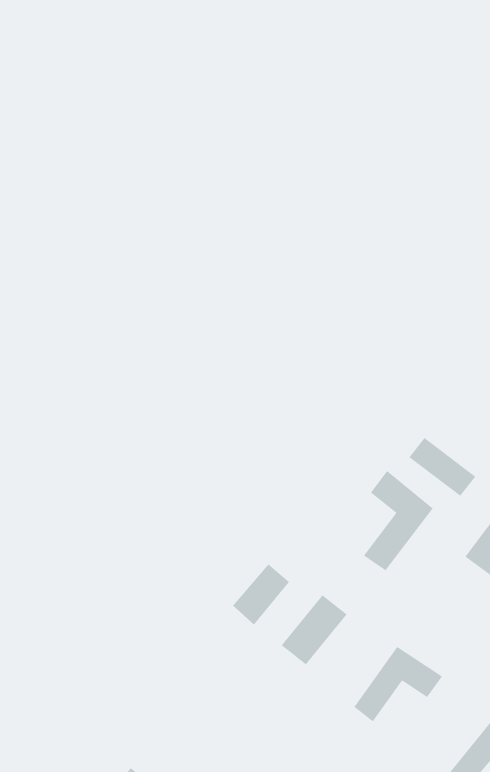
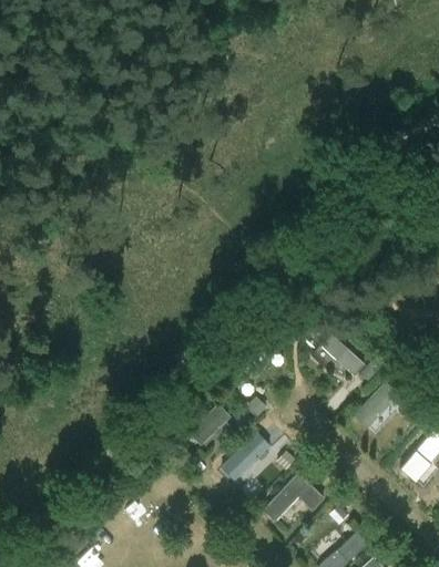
building: [363,470,433,571] -> none

